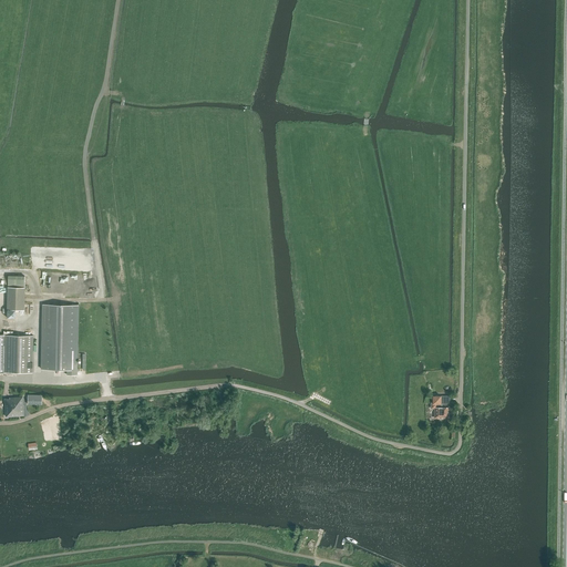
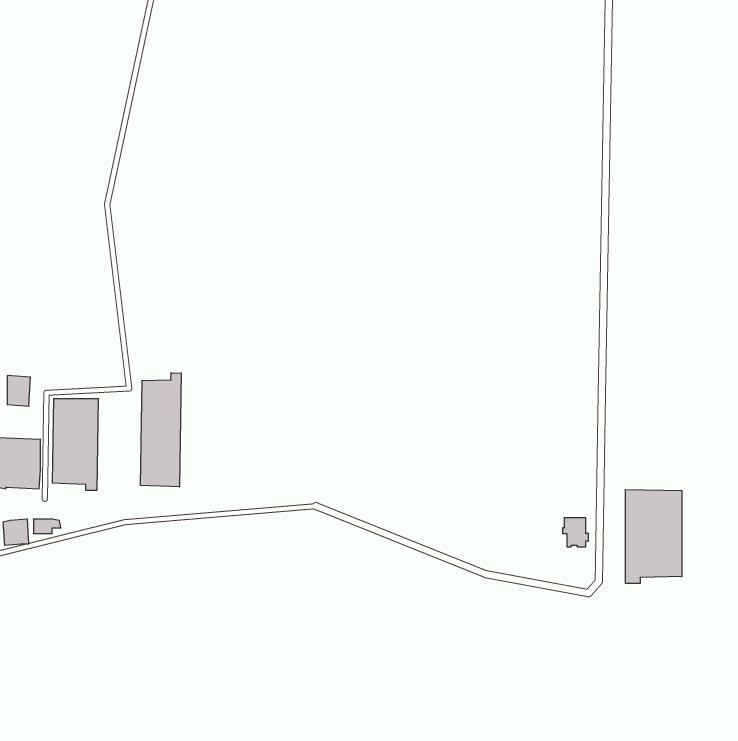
building: none -> [141,373,181,487]
building: none -> [626,490,682,584]

